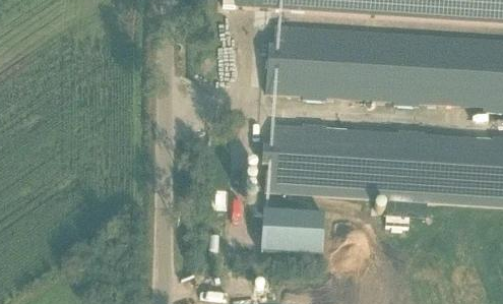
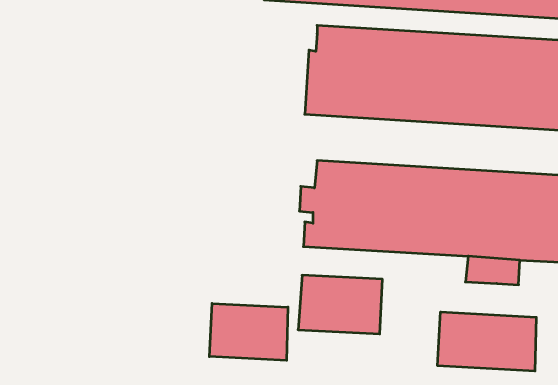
building: none -> [209,303,288,360]
building: none -> [438,312,536,371]

